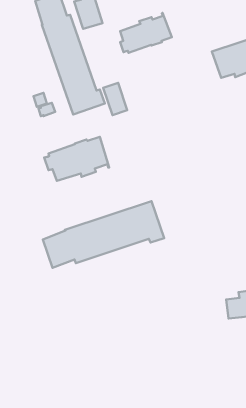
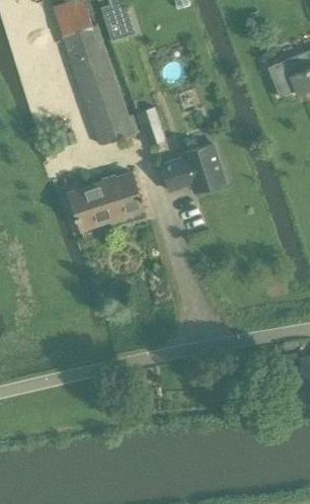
building: [120,13,172,53] -> none
building: none -> [159,144,224,192]
building: [43,201,164,268] -> none

